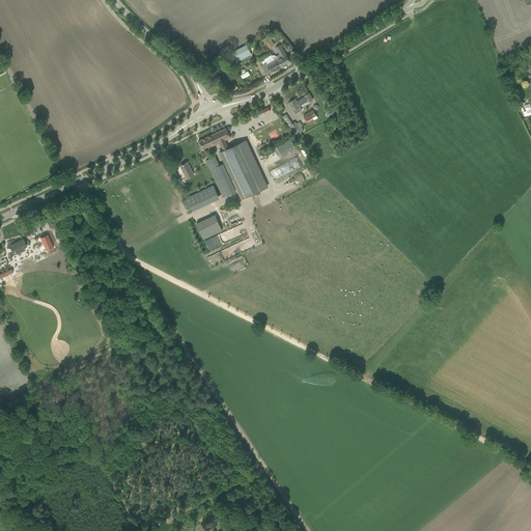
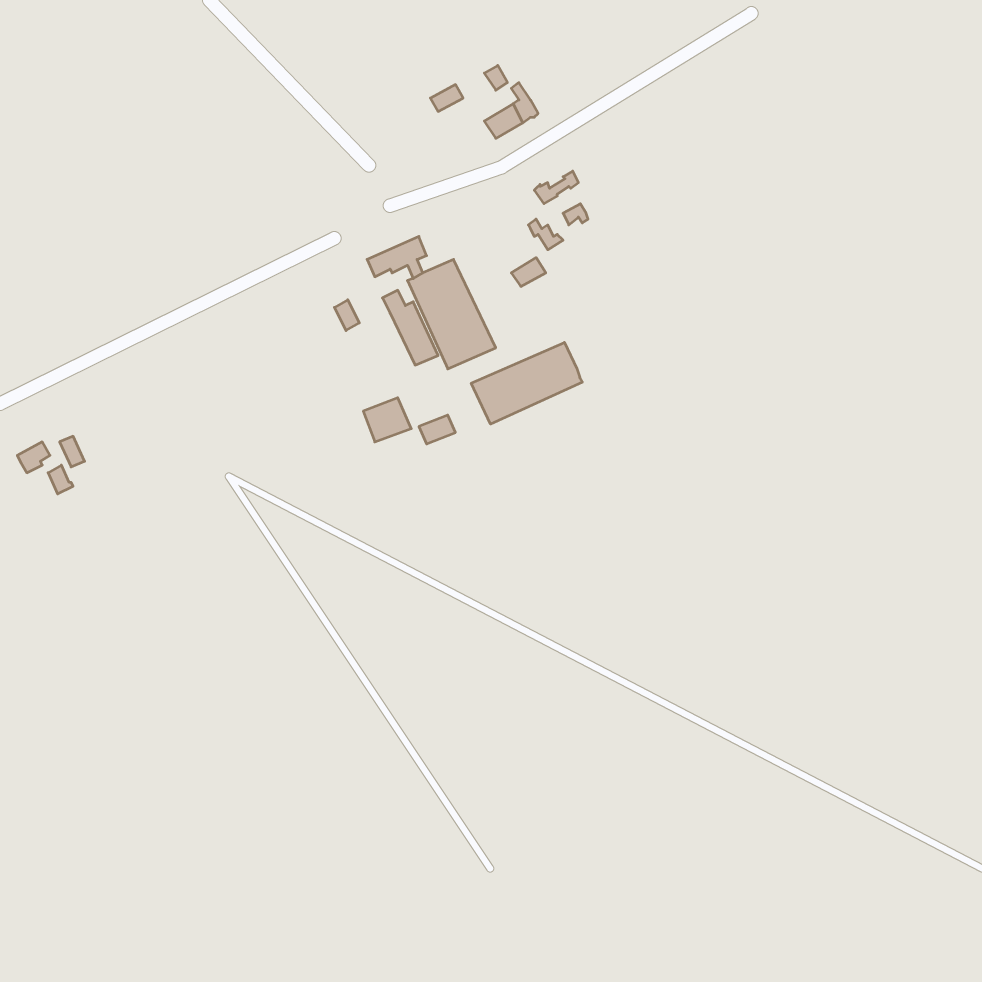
building: [185,185,219,212] -> none
building: none -> [471,342,582,424]

